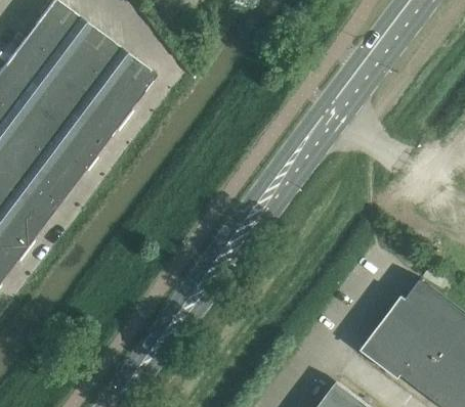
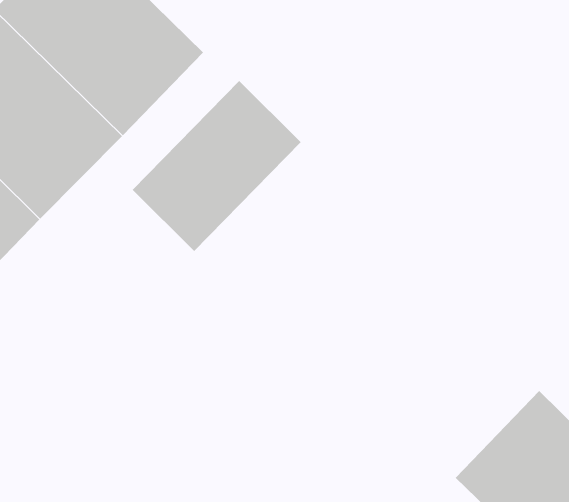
building: none -> [132,80,301,252]

